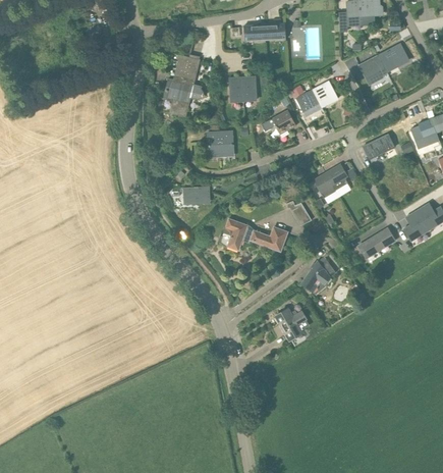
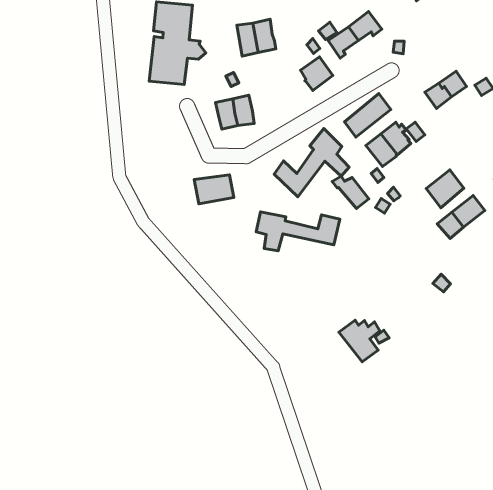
building: none -> [345,93,391,137]
building: none -> [274,129,349,197]
building: none -> [426,170,464,208]
building: [301,256,336,291] -> none

